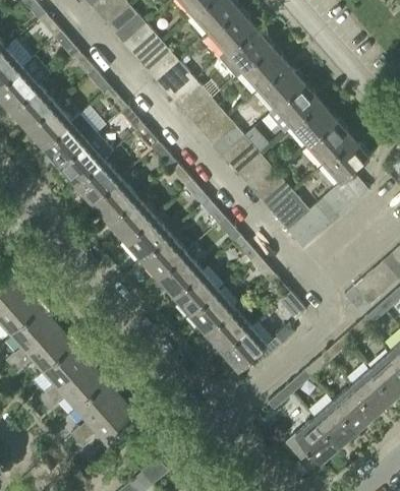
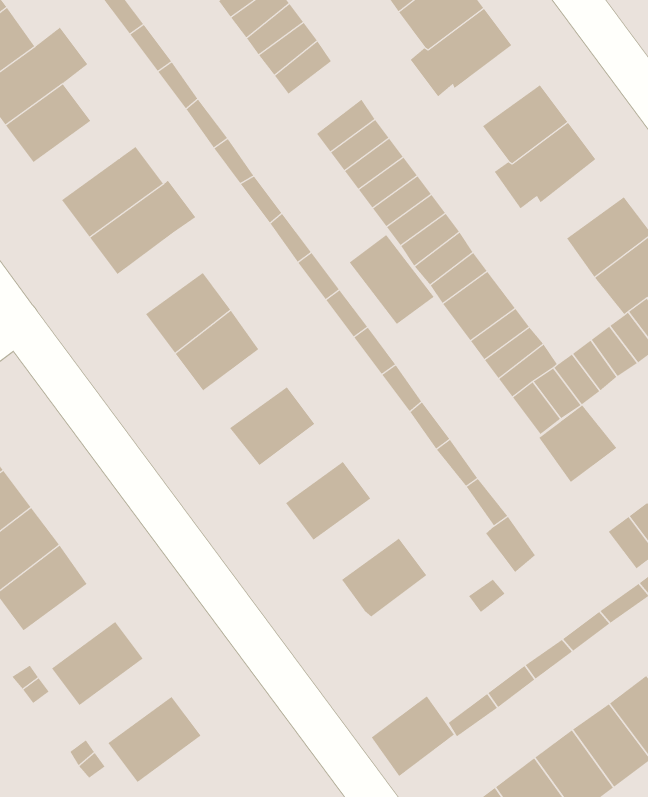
building: [243,47,288,90] -> none
building: [157,63,195,102] -> none
building: [293,103,337,145] -> none
building: [26,105,71,147] -> none
building: none -> [349,234,434,325]
building: [75,160,120,203] -> none
building: [125,217,169,259] -> none
building: none -> [539,405,617,483]
building: [158,253,202,296] -> none
building: [189,290,234,333] -> none
building: [223,327,267,371] -> [371,695,455,777]
building: [42,347,90,392] -> none
building: [74,383,122,429] -> none

